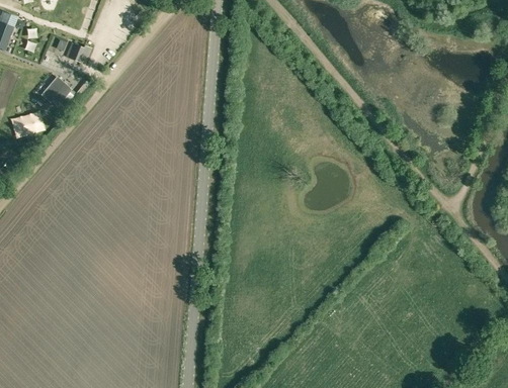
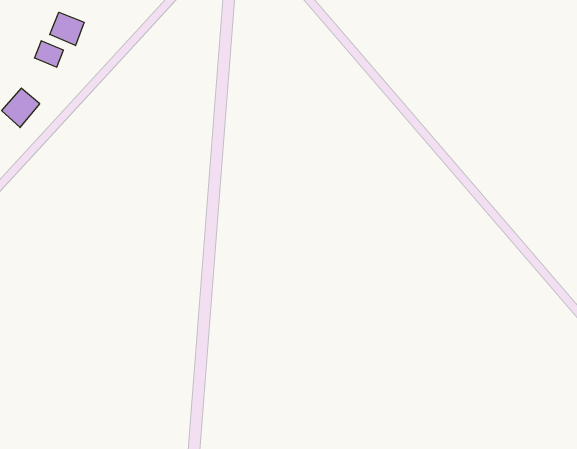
building: none -> [50,12,84,46]

